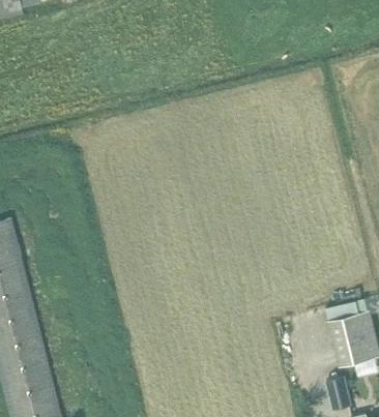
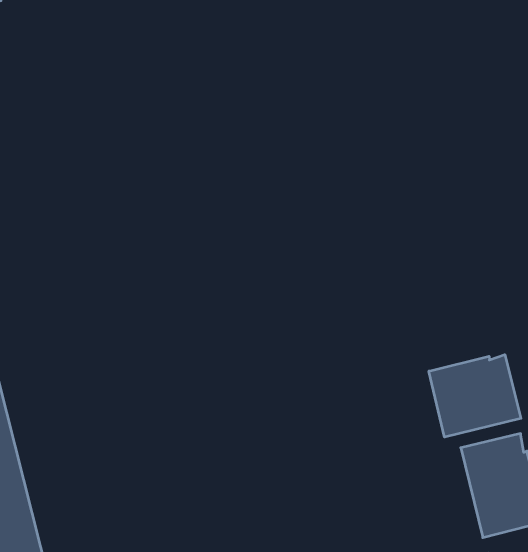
building: none -> [429,355,521,437]

